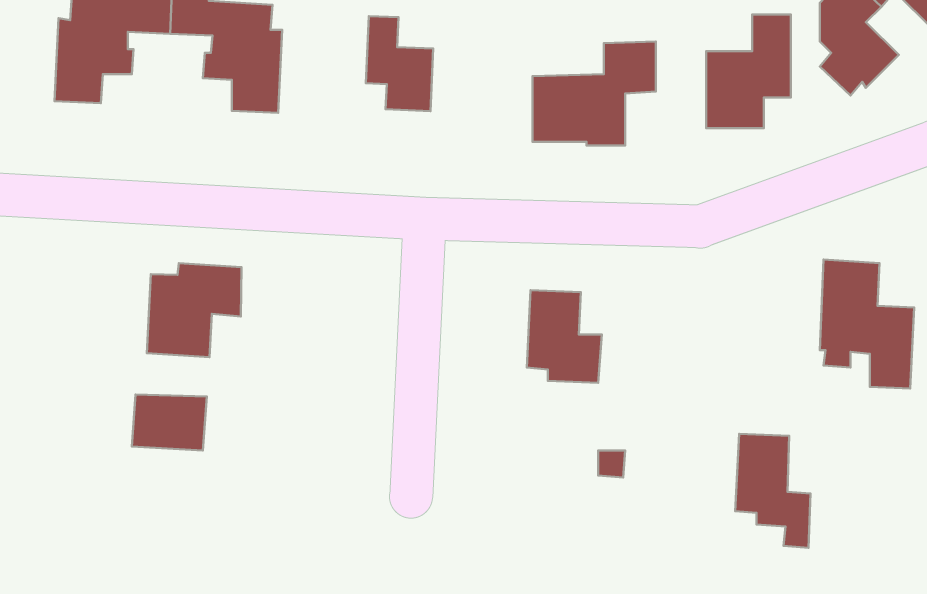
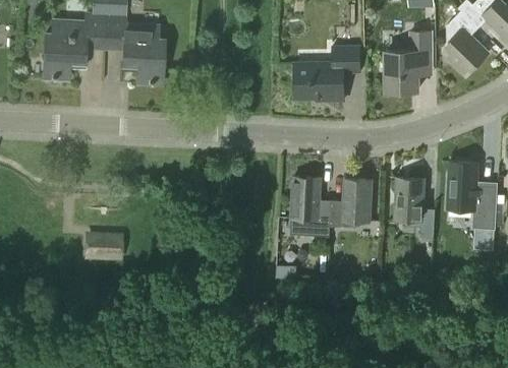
building: [366,16,433,111] -> none
building: [147,263,242,357] -> none
building: none -> [330,179,372,227]
building: [735,434,810,548] -> [395,178,435,238]

